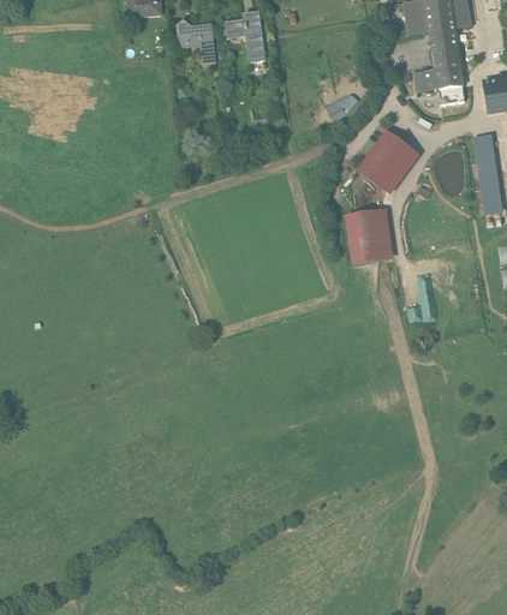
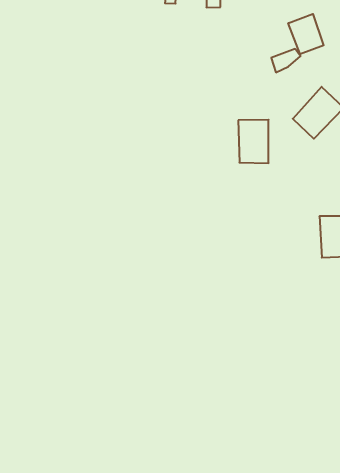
building: none -> [288,14,324,54]
building: [347,211,387,263] -> [238,120,269,163]

